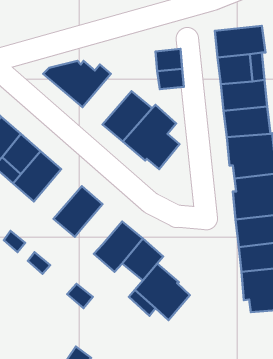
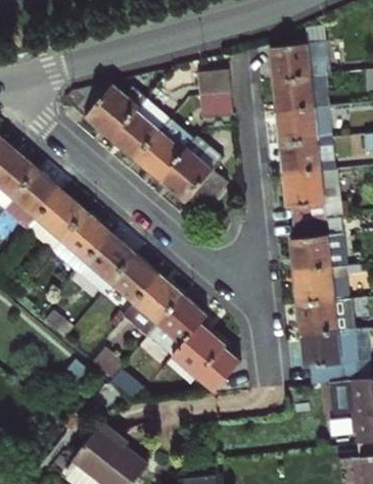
building: none -> [111,99,170,159]
building: none -> [53,212,110,272]
building: none -> [111,254,158,302]

